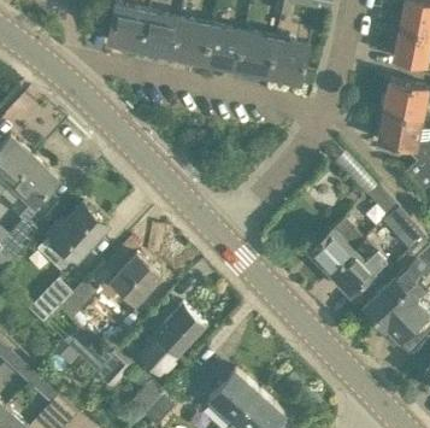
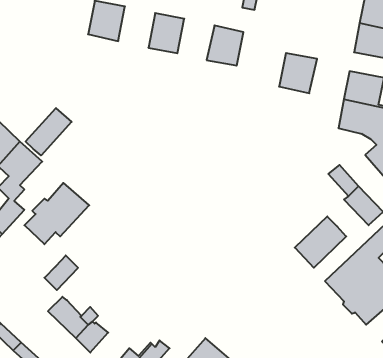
building: [140,11,179,55] -> none
building: [204,24,243,69] -> none
building: [267,39,308,82] -> [279,53,317,93]
building: none -> [26,108,72,155]
building: [308,216,365,271] -> none
building: [105,252,160,321] -> none
building: [29,277,72,322] -> none
building: [139,303,207,368] -> none

